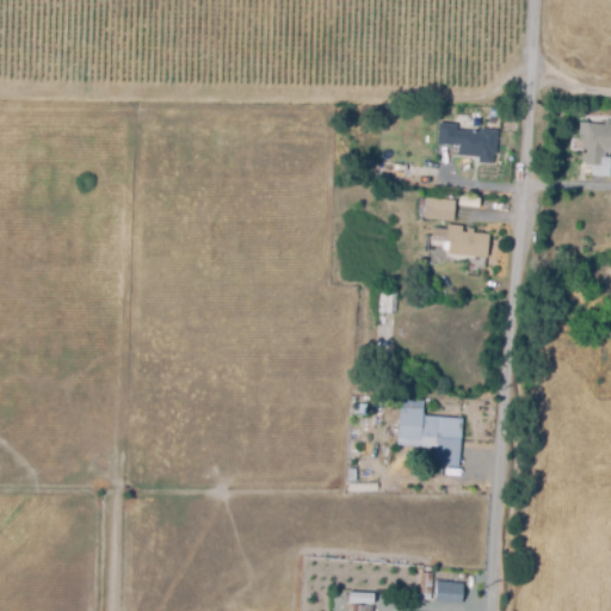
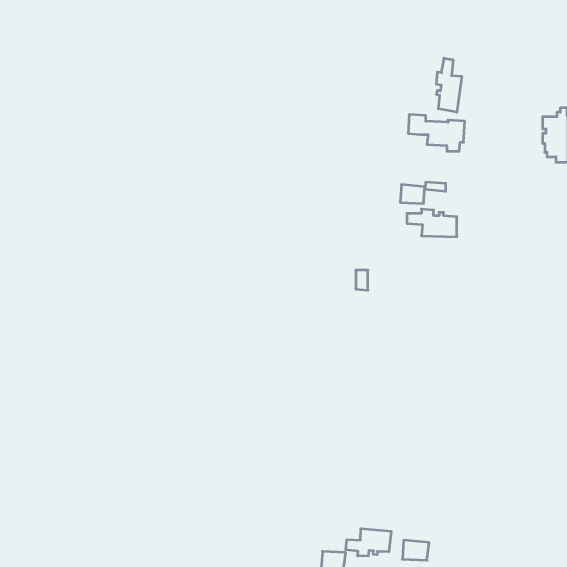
building: none -> [436,58,462,112]
building: [395,407,461,465] -> none
building: none -> [346,529,391,556]

